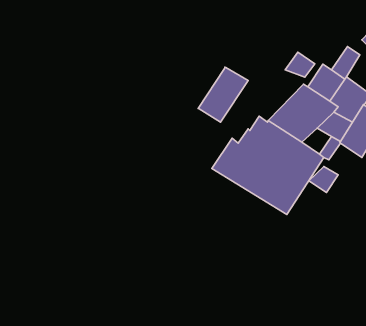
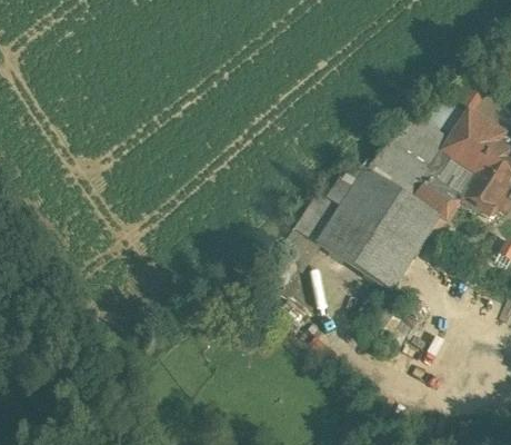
building: [285,52,315,77] -> none
building: [198,67,248,122] -> none
building: [309,166,338,192] -> [420,179,459,214]

